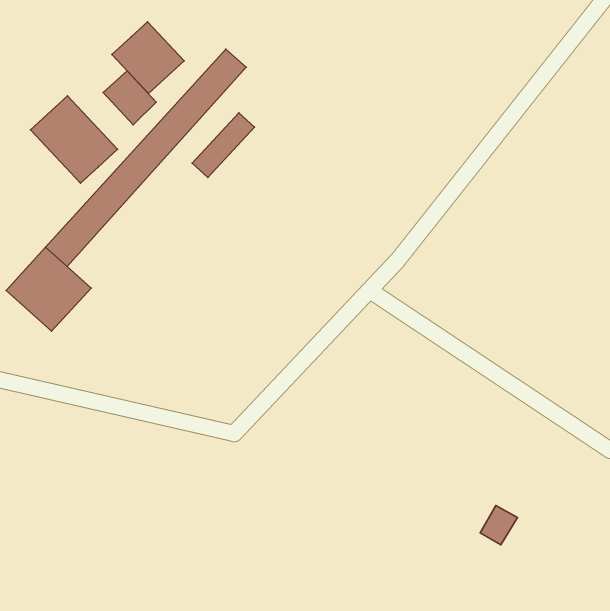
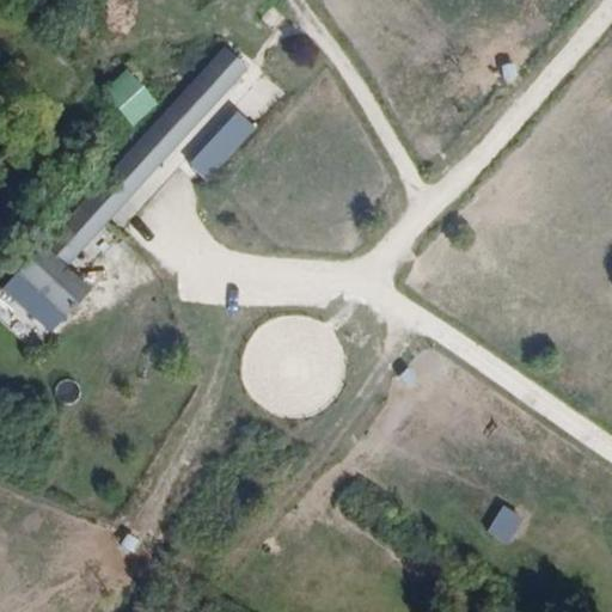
building: [112,22,184,94] -> none
building: [30,96,118,183] -> none

